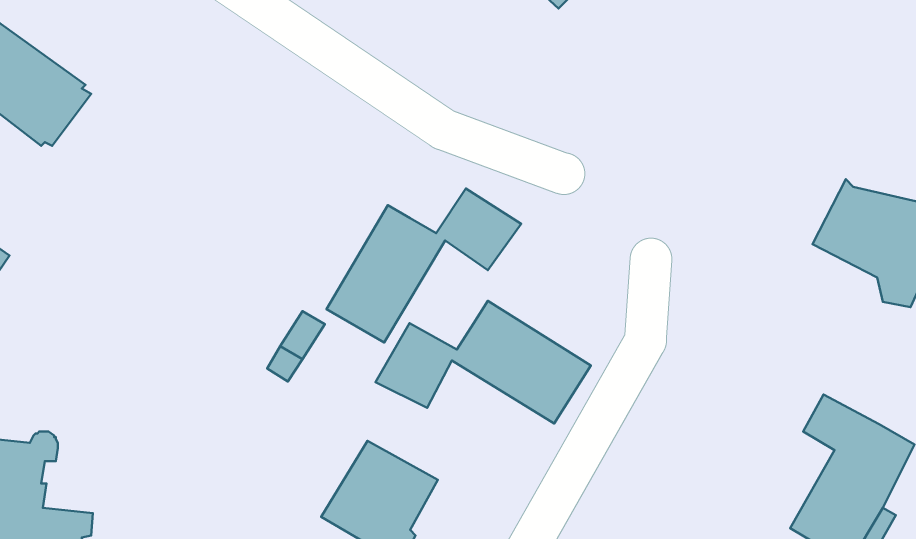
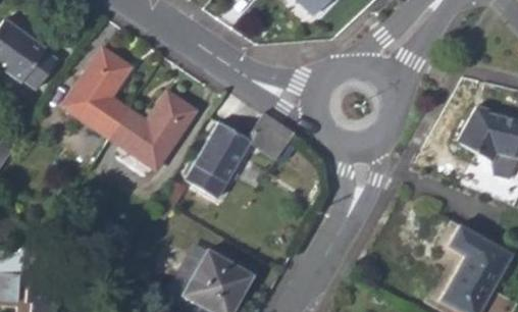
building: none -> [65,49,195,167]
building: [376,301,591,423] -> none

